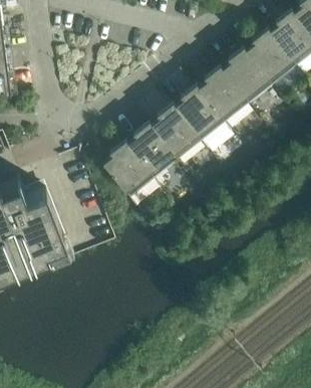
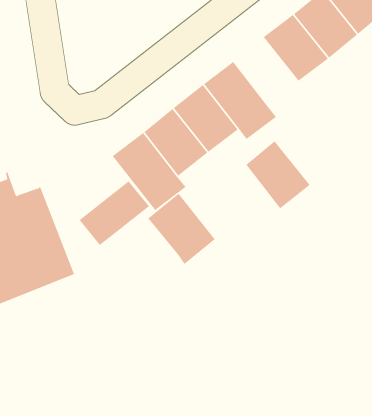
building: [197,66,248,121] -> [246,141,310,209]
building: none -> [79,181,150,246]
building: none -> [148,193,216,265]

